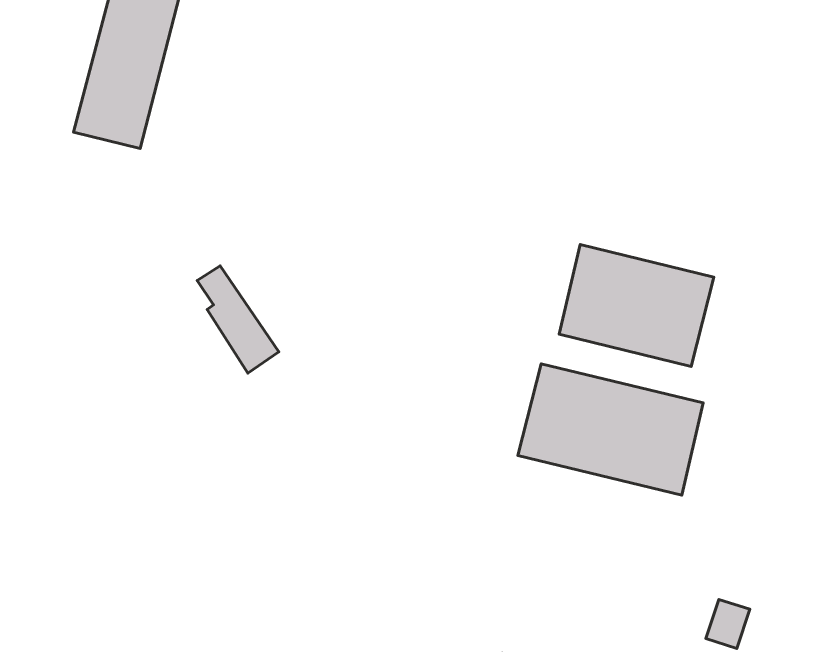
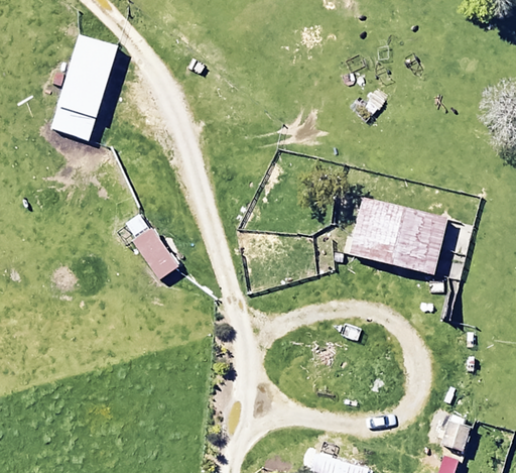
building: [518,364,703,495] -> none

